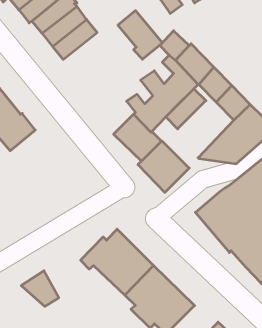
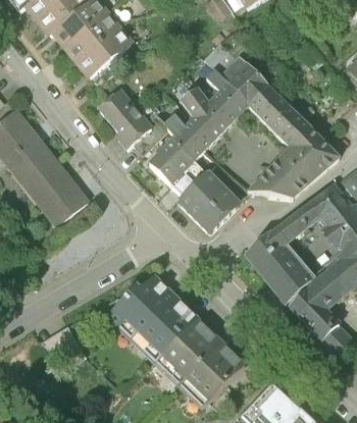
building: [118,11,162,59] -> [98,91,150,148]
building: [166,89,206,129] -> none
building: none -> [27,161,86,223]

